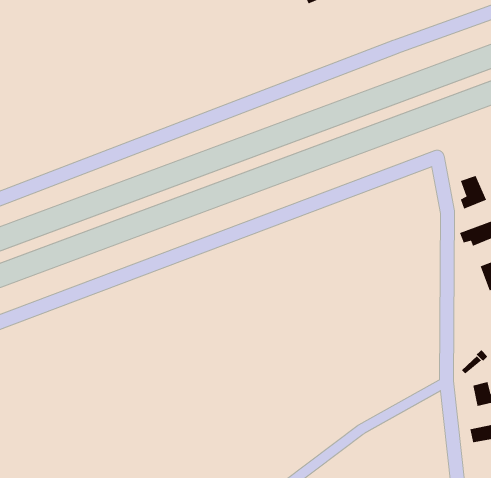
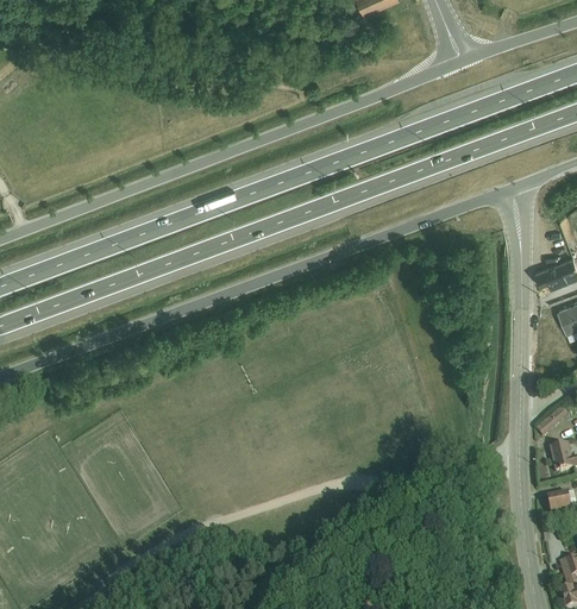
building: [460,175,487,209] -> none

